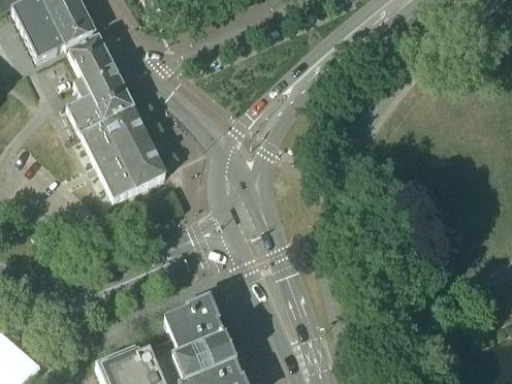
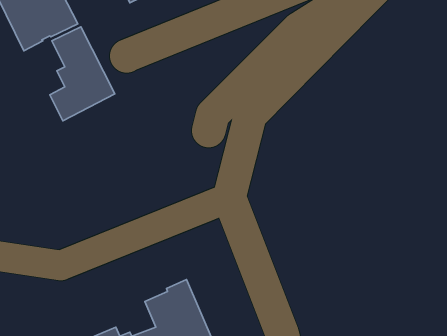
building: [79,102,165,196] -> none

